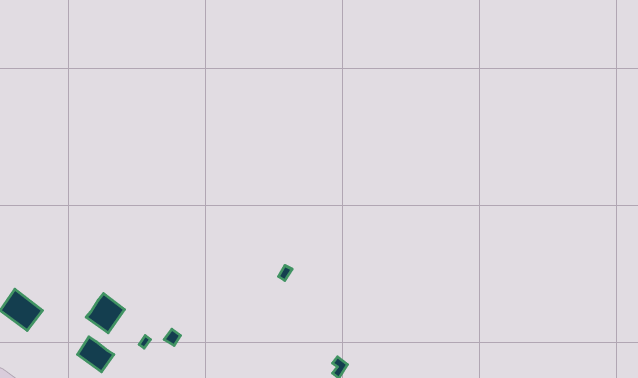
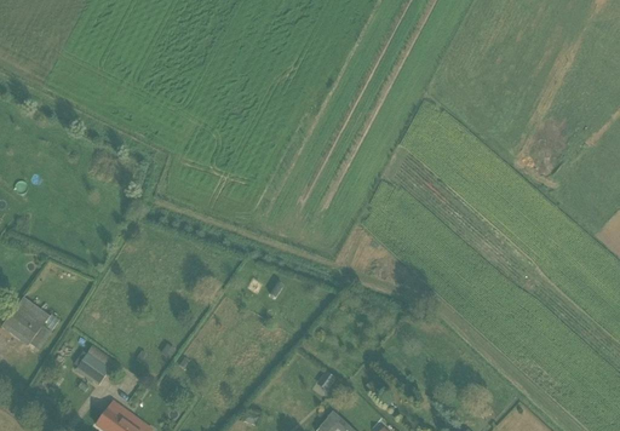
building: [86,293,124,333] -> none

